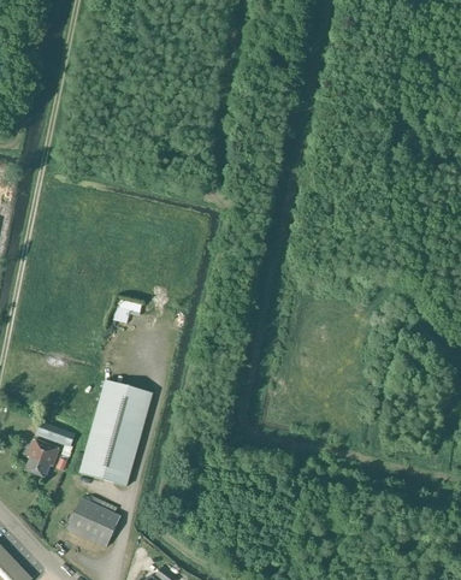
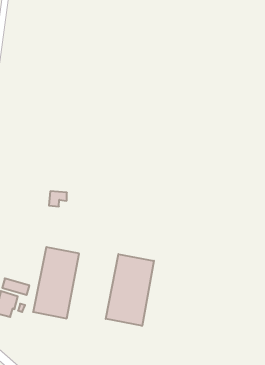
building: none -> [106,254,154,326]
building: [67,496,120,549] -> none

